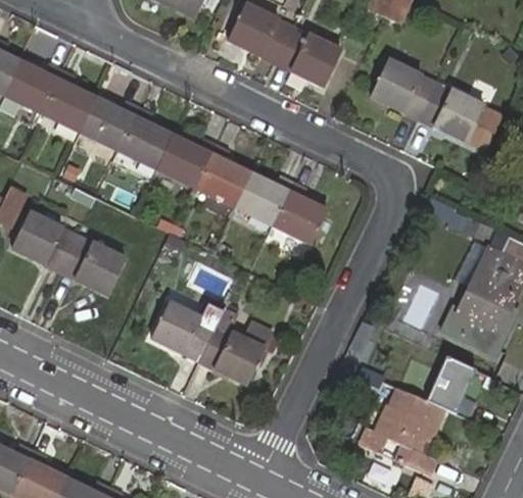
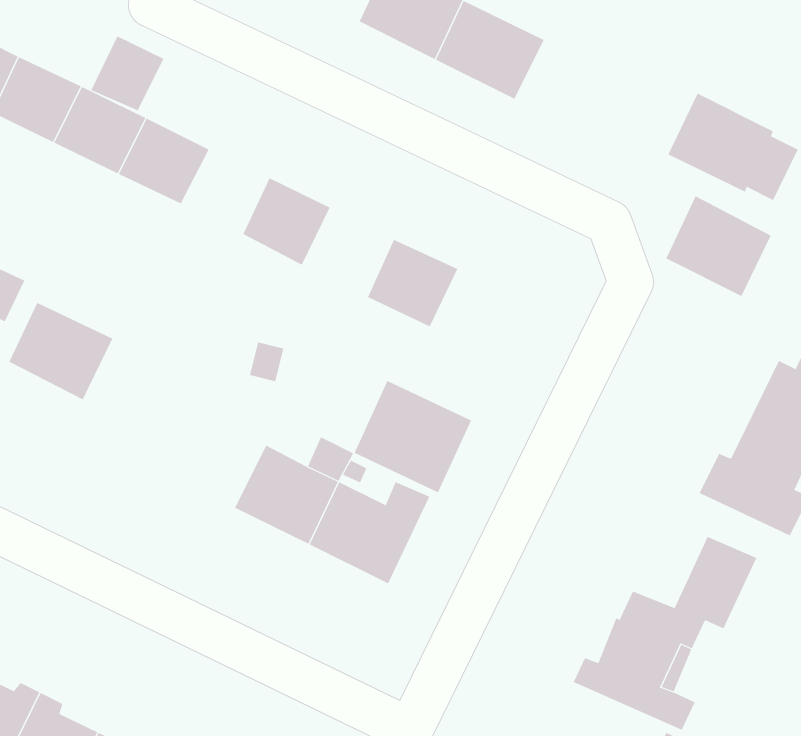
building: none -> [90,36,164,111]
building: [372,58,437,120] -> [665,196,772,297]
building: [120,117,174,169] -> none
building: [194,153,250,208] -> none
building: [273,191,327,245] -> none
building: [59,234,126,295] -> none
building: none -> [354,380,472,493]

